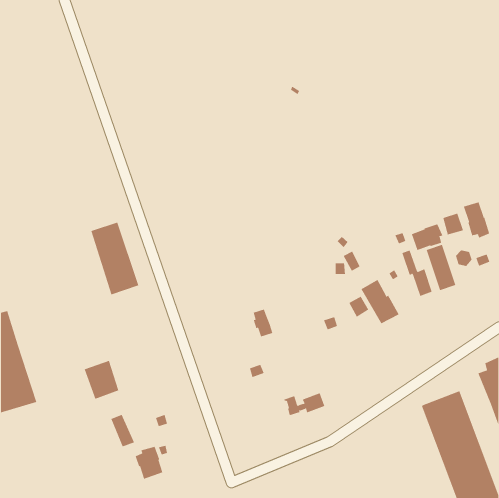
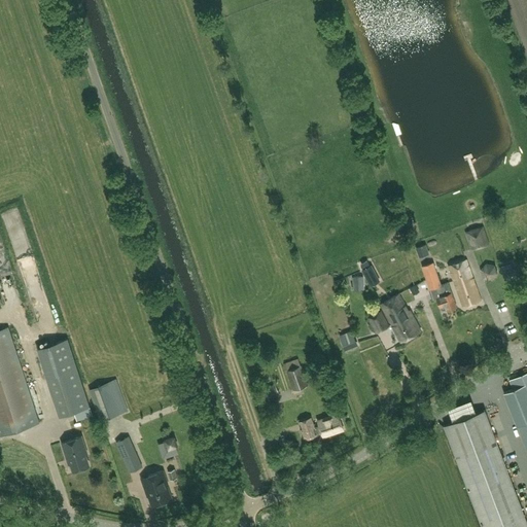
building: [463,201,490,239] -> none
building: [90,222,139,295] -> [38,340,90,417]
building: [411,224,443,251] -> none
building: [253,309,273,337] -> [286,360,308,390]
building: none -> [62,436,89,471]

